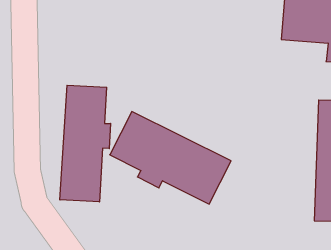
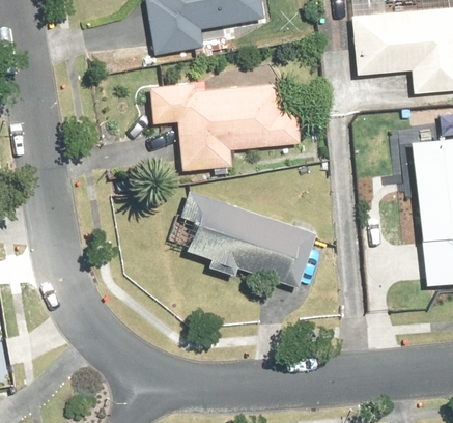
building: none -> [146,82,300,171]
building: [60,85,111,202] -> none

